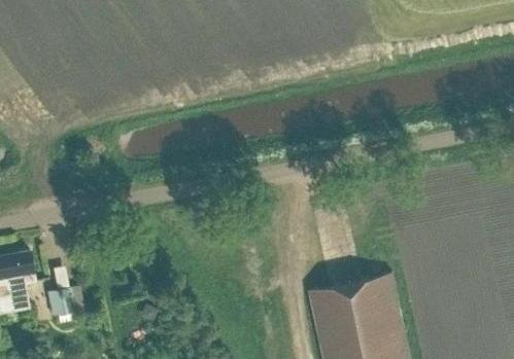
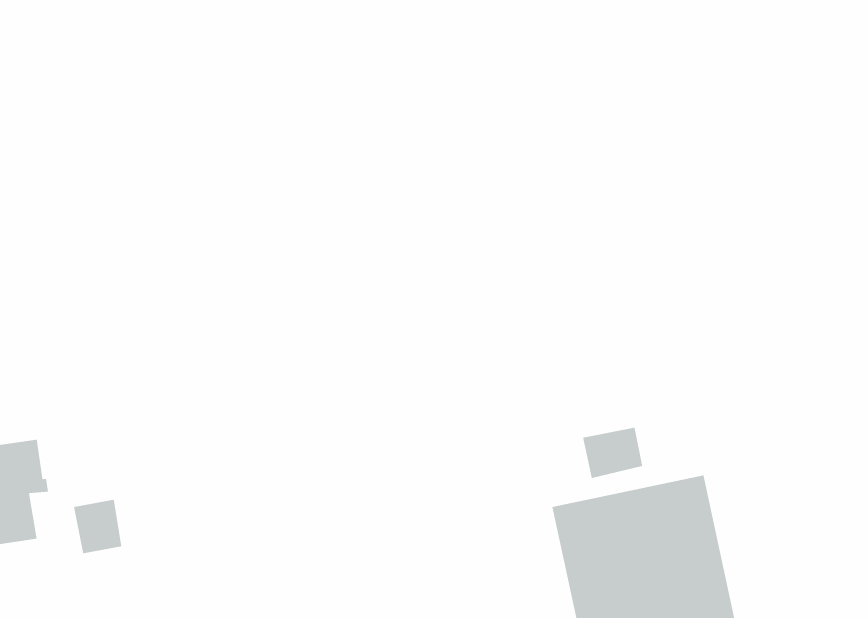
building: none -> [583,427,643,479]

